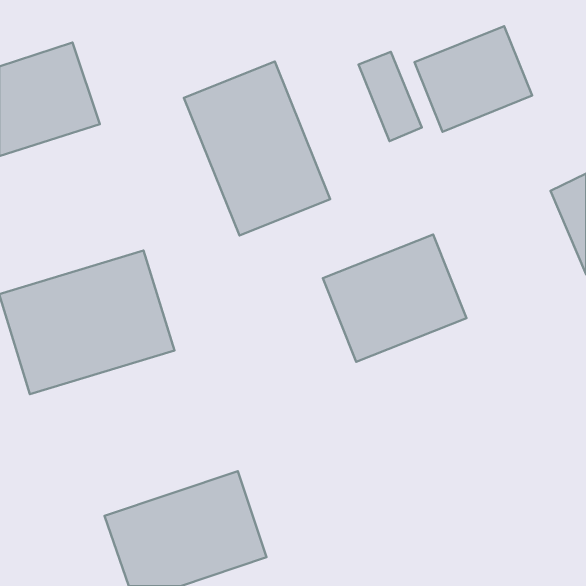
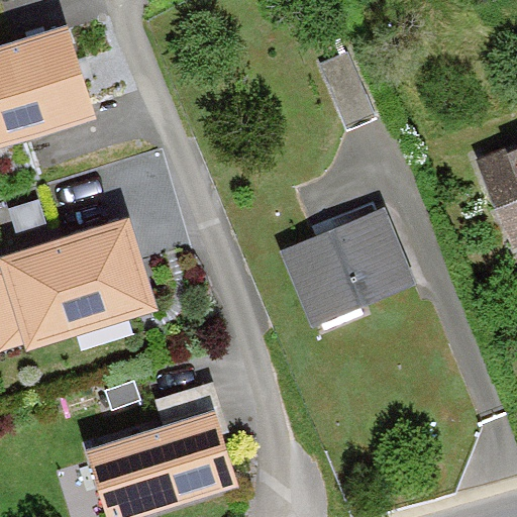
building: [415,26,532,132] -> none
building: [184,61,330,235] -> none

